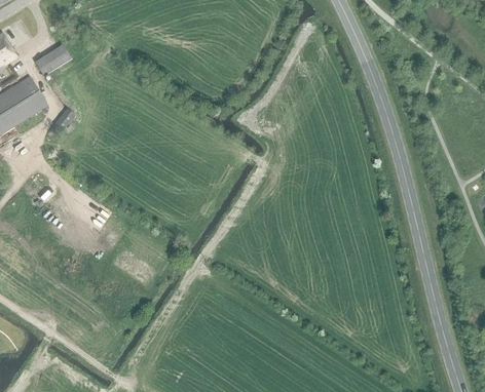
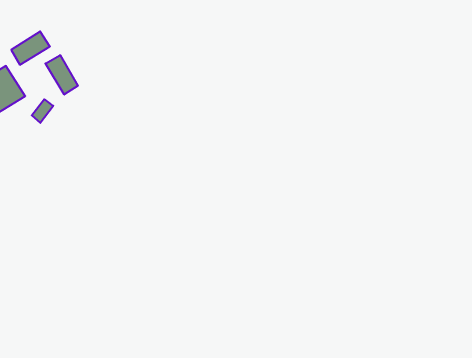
building: none -> [45,55,78,95]

